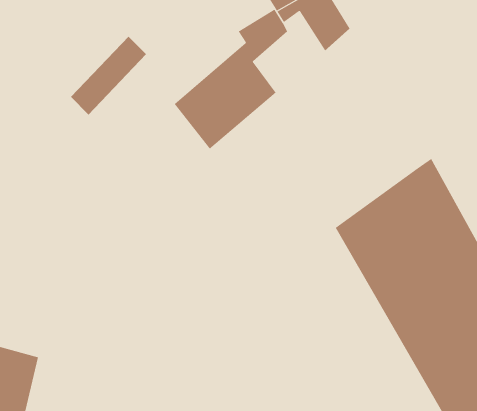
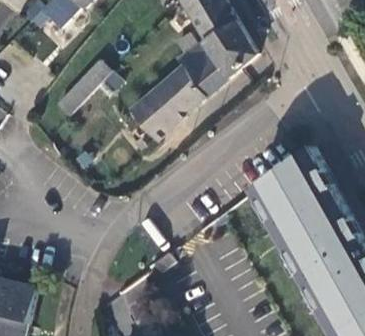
building: none -> [187,43,237,100]

